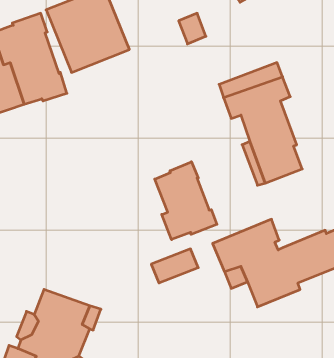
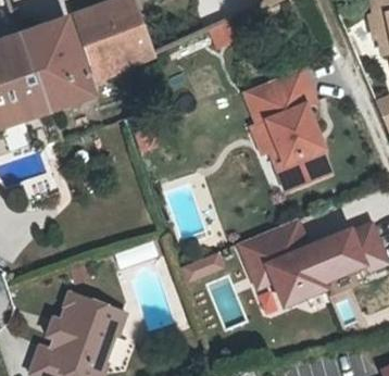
building: [155,162,217,240] -> none

